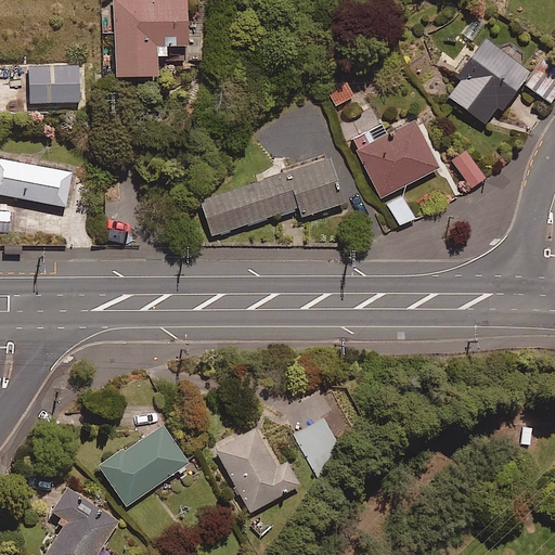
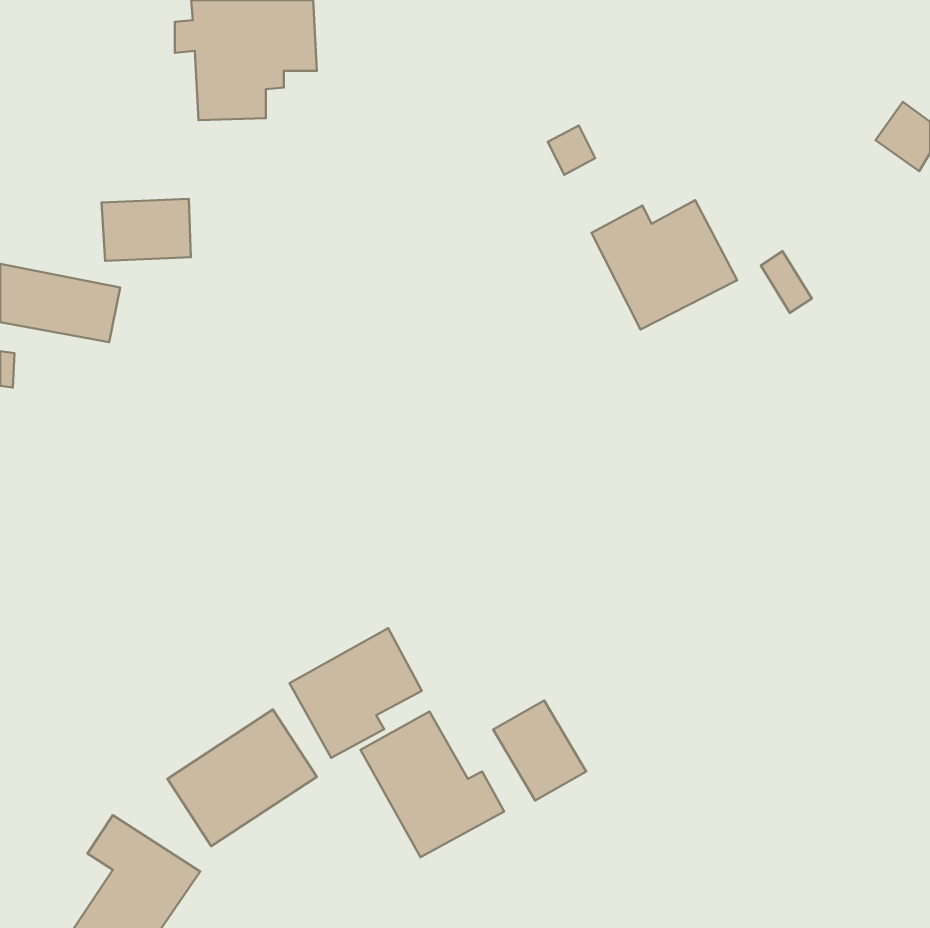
building: [442,40,525,127] -> none
building: [27,65,80,102] -> [102,199,191,261]
building: [201,157,344,235] -> none
building: none -> [290,628,422,758]

